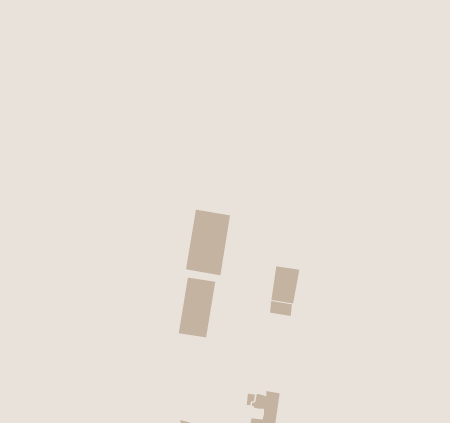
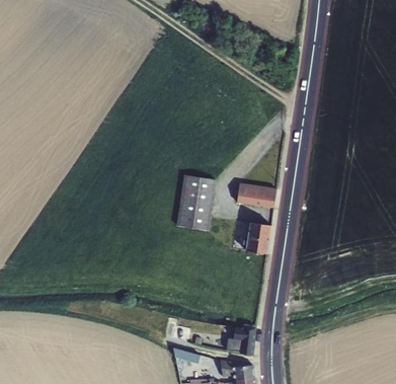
building: none -> [236,183,275,208]
building: [178,277,216,338] -> none

